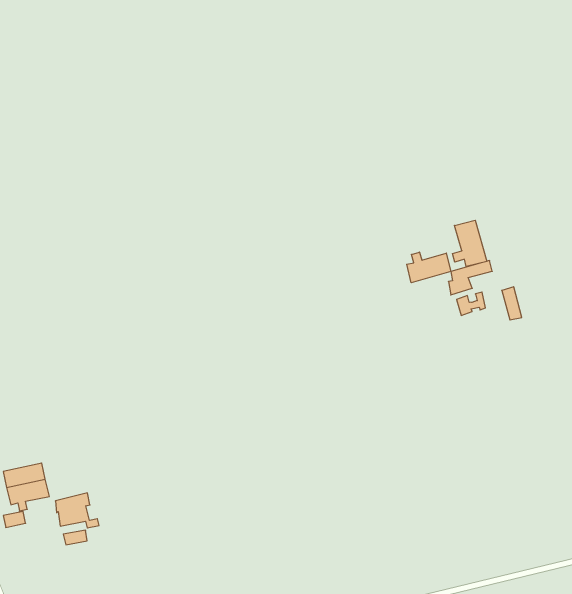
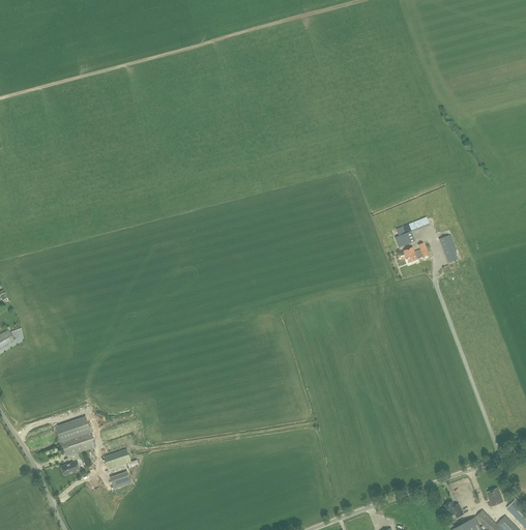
building: [452,220,487,267] -> none
building: [407,252,451,283] -> none

